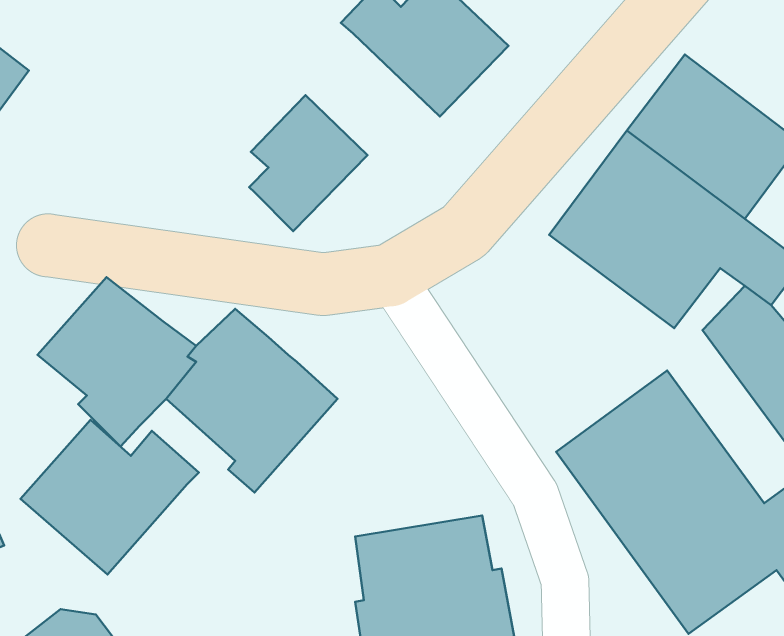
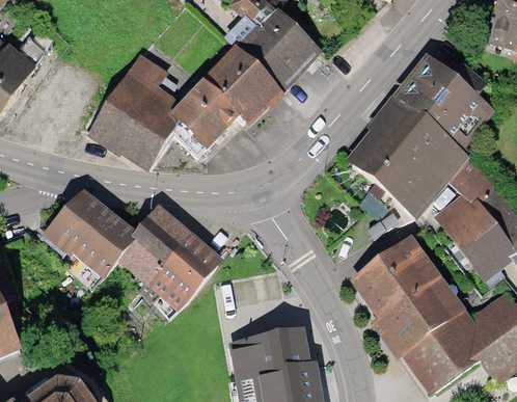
building: none -> [197,43,280,125]
building: none -> [86,52,180,173]
building: [21,420,199,575] -> none

